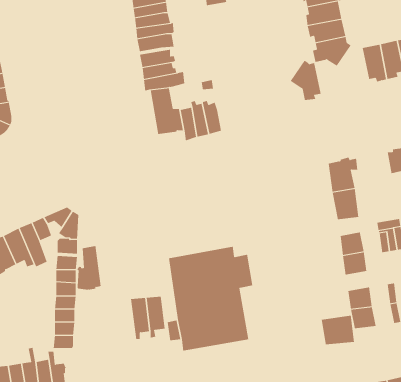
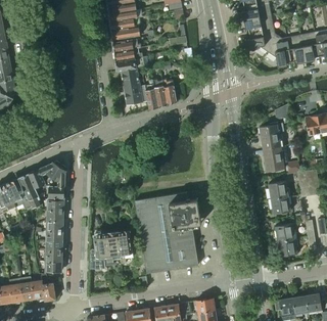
building: [290,60,321,100] -> [267,36,291,67]
building: [76,245,101,291] -> [90,233,109,269]
building: [321,315,355,345] -> none

